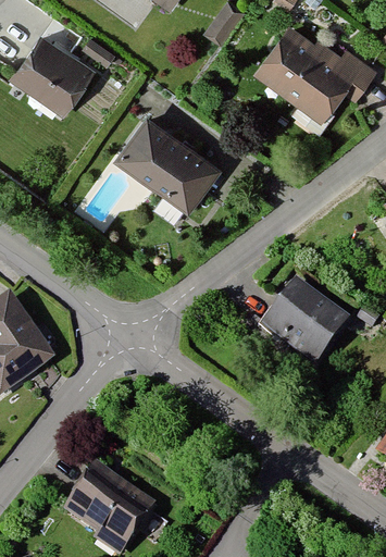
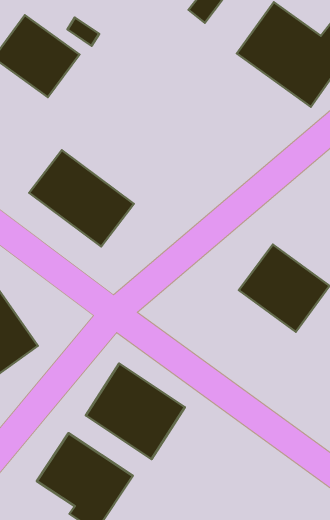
building: [119,121,223,216] -> [29,150,134,246]
building: none -> [86,364,185,459]

